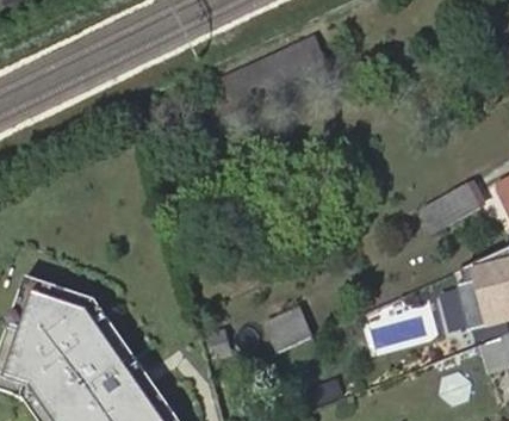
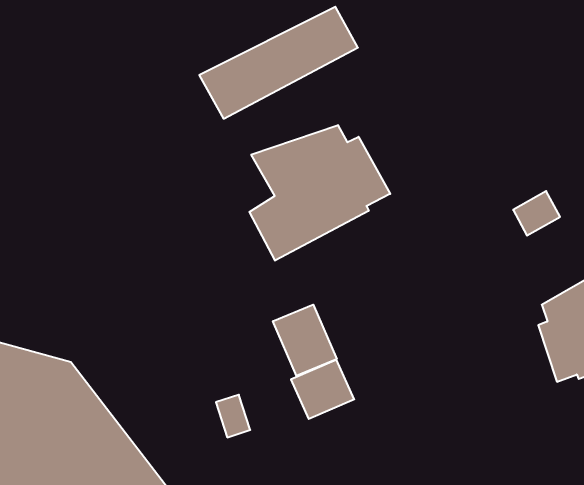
building: none -> [249,125,390,261]
building: none -> [273,305,337,376]

